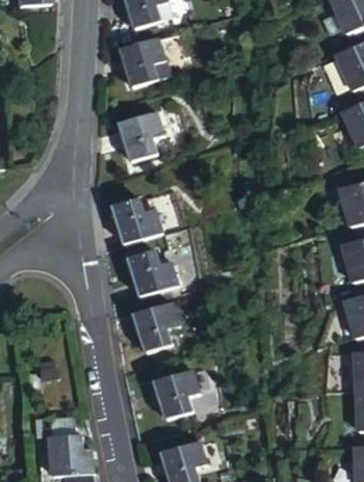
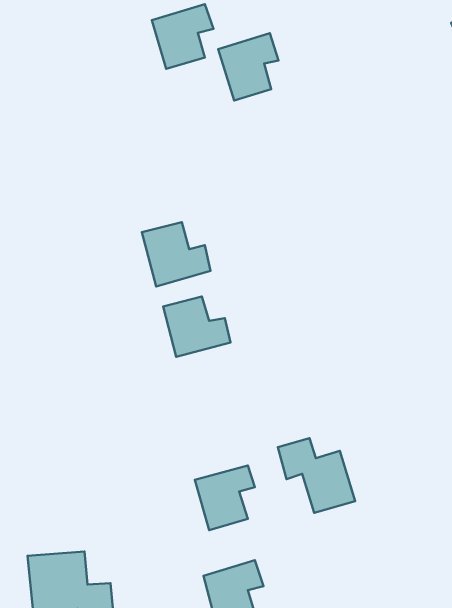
building: [121,112,164,161] -> [218,33,278,101]
building: [135,305,179,353] -> none
building: none -> [278,438,355,513]

